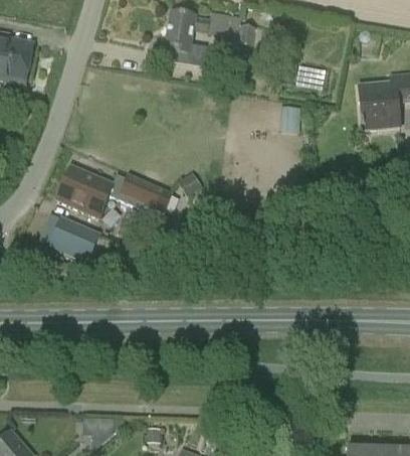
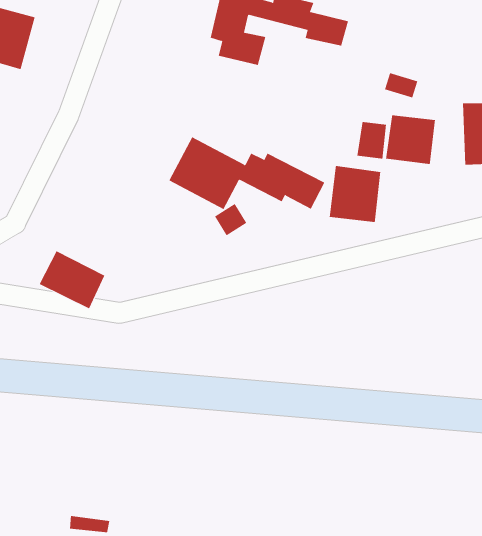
building: none -> [386,115,435,165]
building: none -> [329,165,381,223]
building: [56,165,174,218] -> [169,137,325,210]

